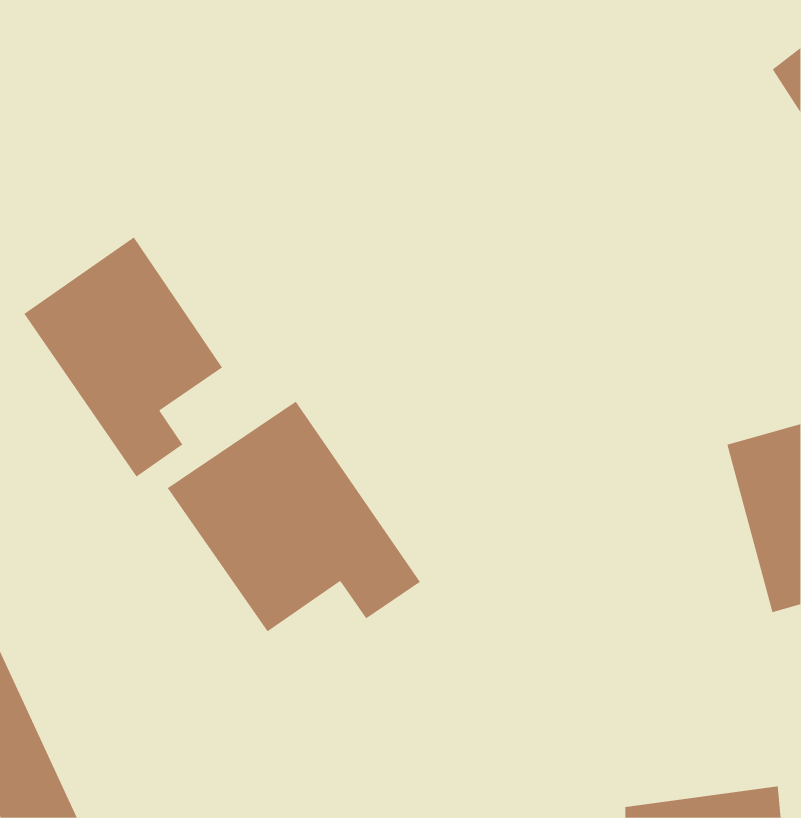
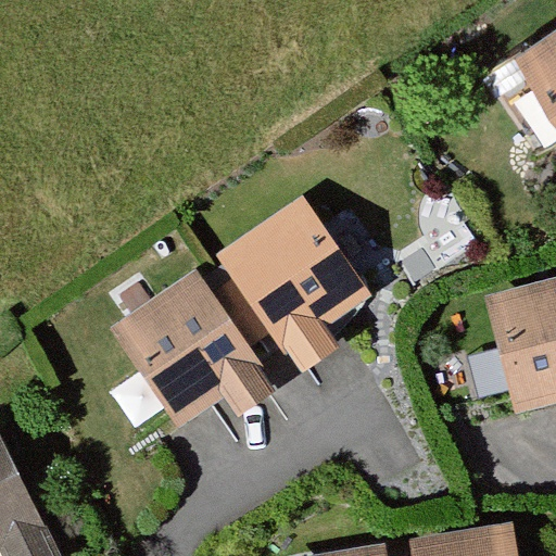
building: [24,236,223,477] -> none
building: none -> [224,197,376,377]

